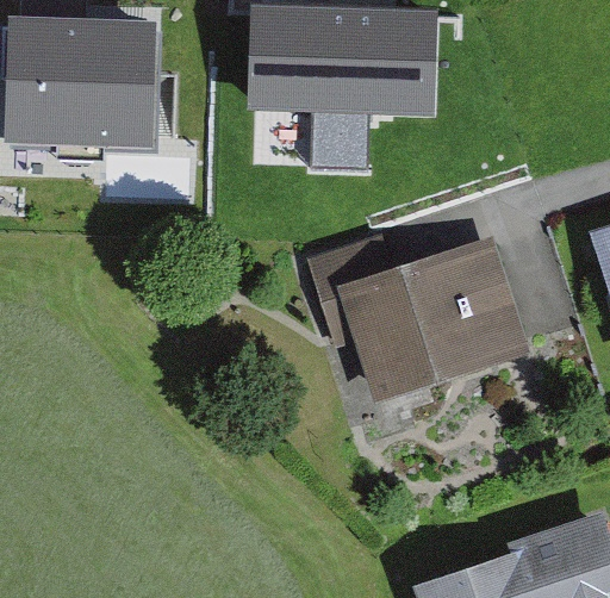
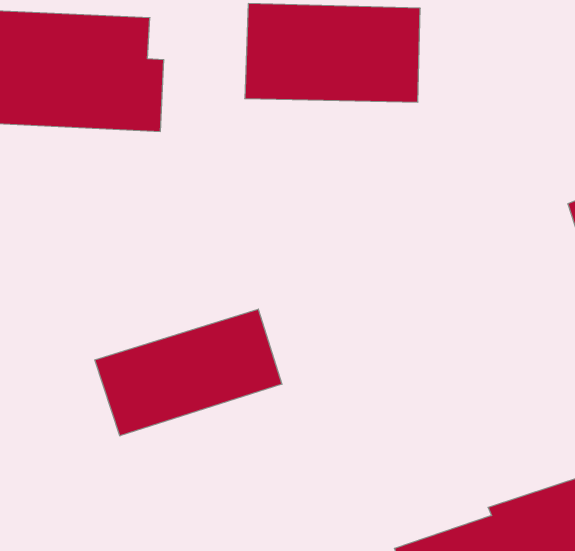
building: [307,229,531,398] -> none
building: none -> [95,309,282,436]

